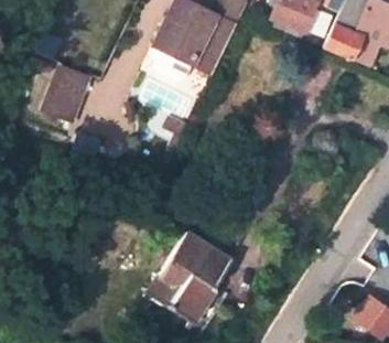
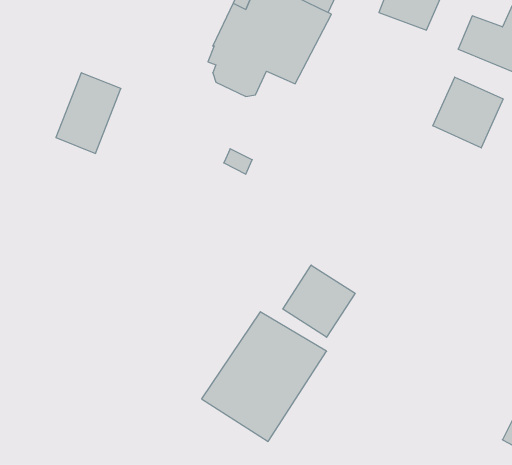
building: none -> [433,77,503,148]
building: none -> [283,265,355,337]

